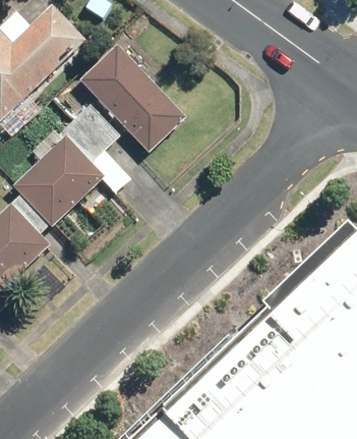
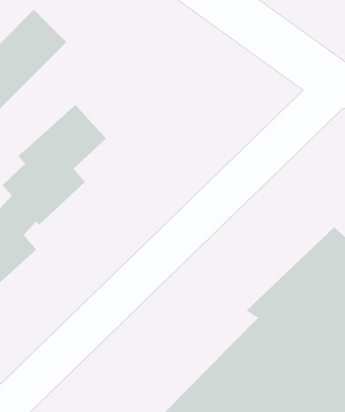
building: [86,49,183,149] -> none

